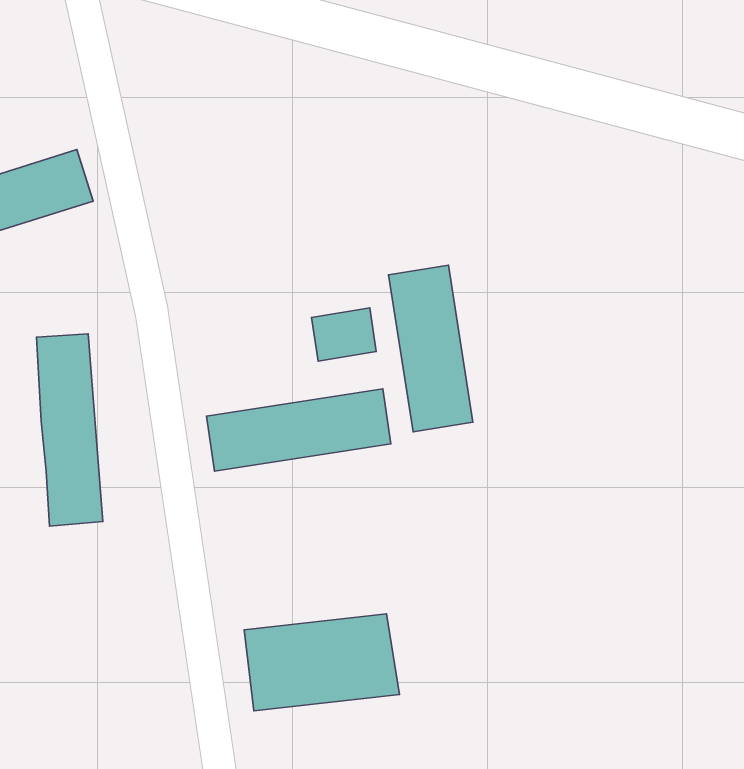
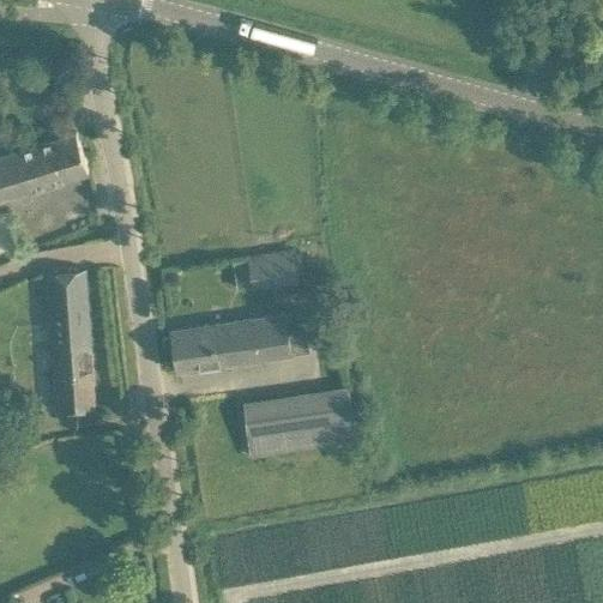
building: [389,265,473,432] -> none
building: [244,614,399,711] -> [245,387,360,459]

